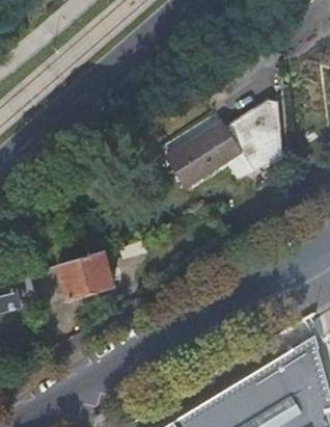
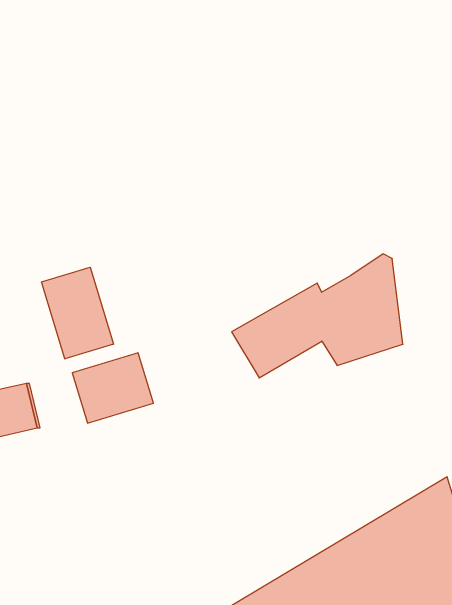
building: [168,105,284,189] -> [232,254,403,378]
building: none -> [42,267,113,359]

